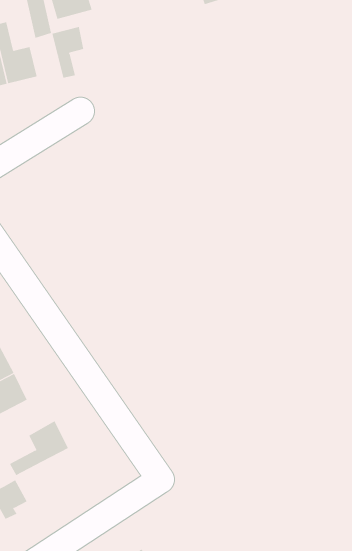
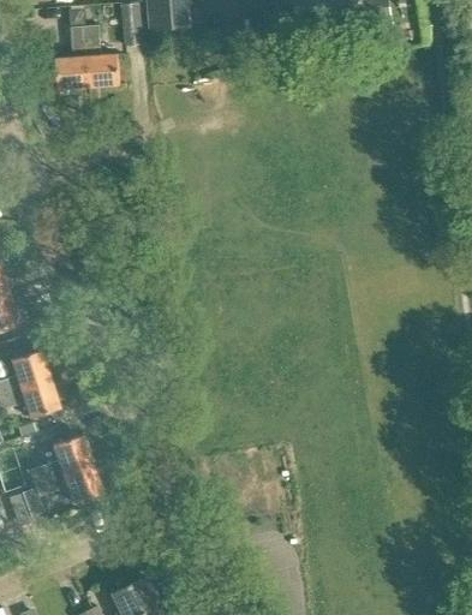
building: [52,26,84,79] -> none
building: none -> [34,461,101,501]

